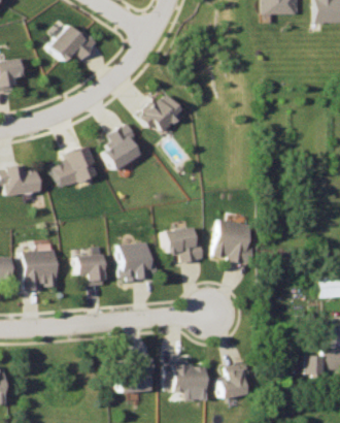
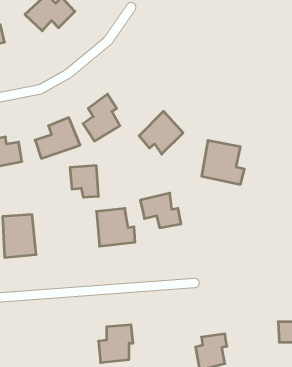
building: [140,93,184,136] -> [139,111,183,154]
building: [213,222,257,266] -> [202,141,244,184]
building: [74,251,103,283] -> [70,166,99,197]
building: [164,364,205,389] -> none

